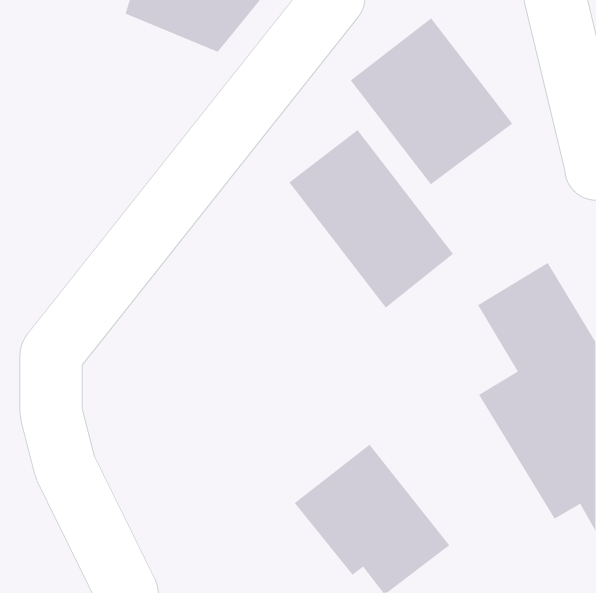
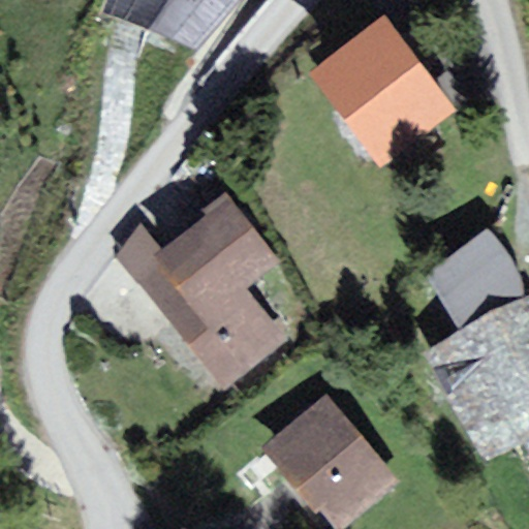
building: [288,129,454,309] -> none
building: none -> [117,189,287,388]

